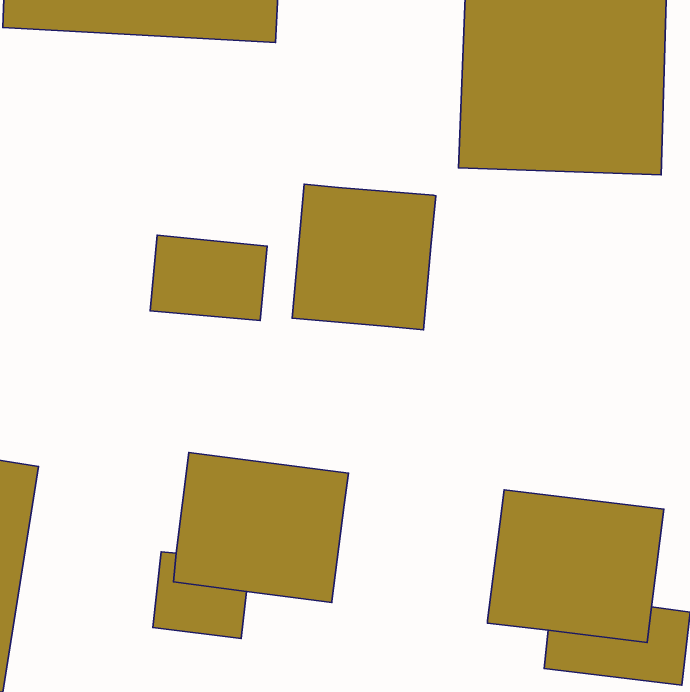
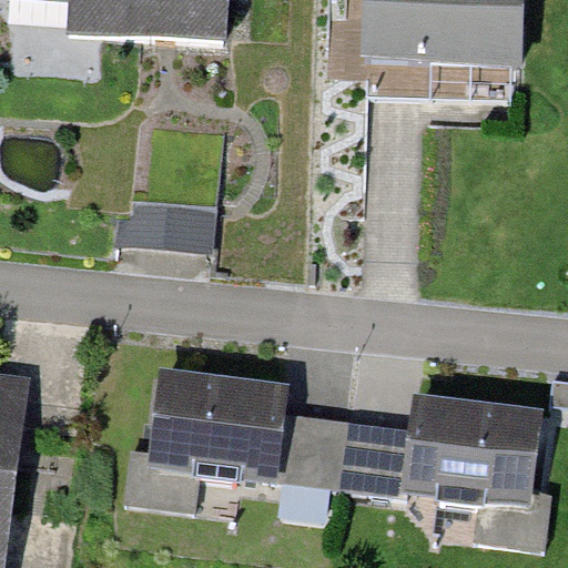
building: [292,184,436,330] -> none
building: none -> [267,407,403,500]

